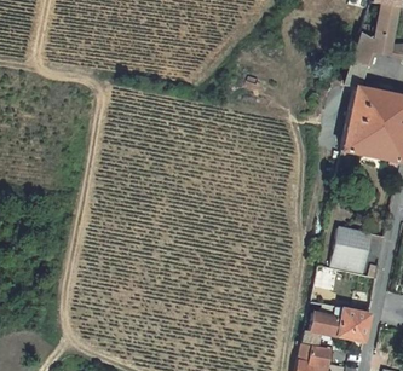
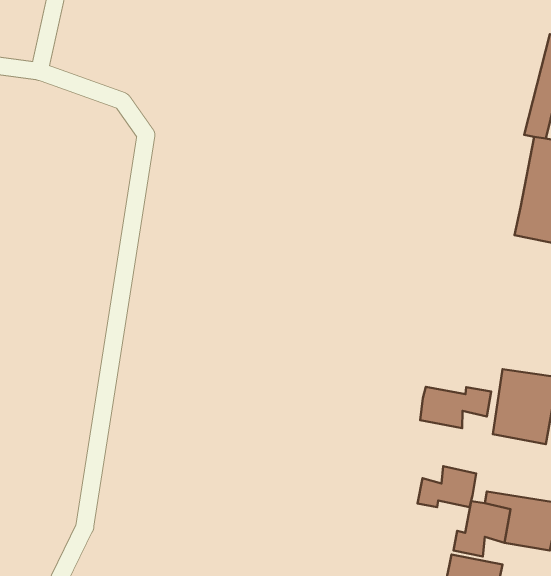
building: none -> [420,387,491,428]
building: none -> [417,466,476,507]

